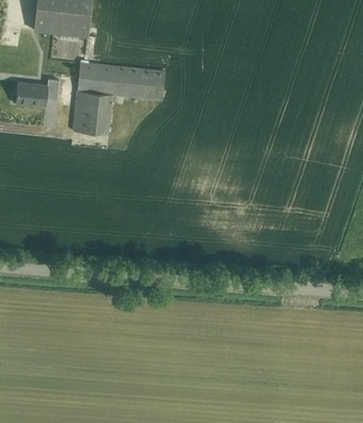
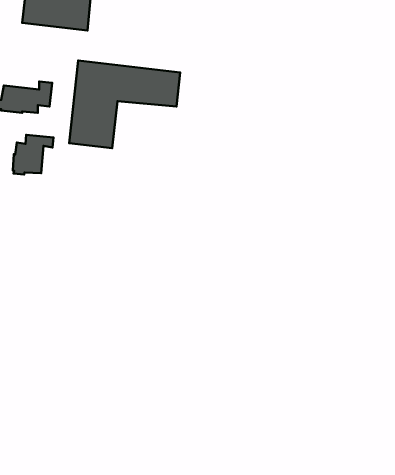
building: none -> [13,135,53,174]

